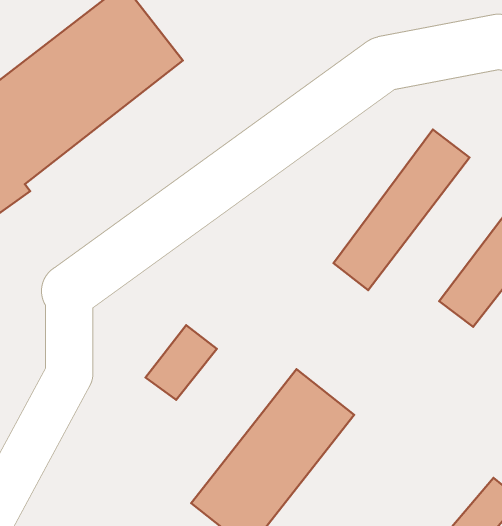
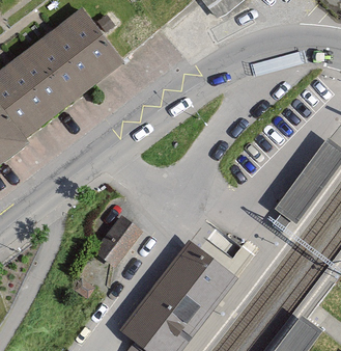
building: [333,130,470,290] -> none

